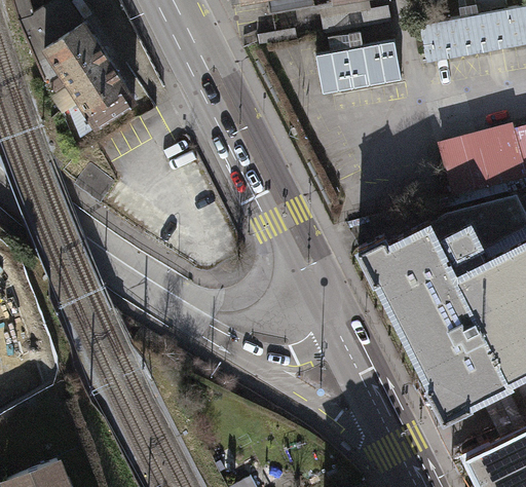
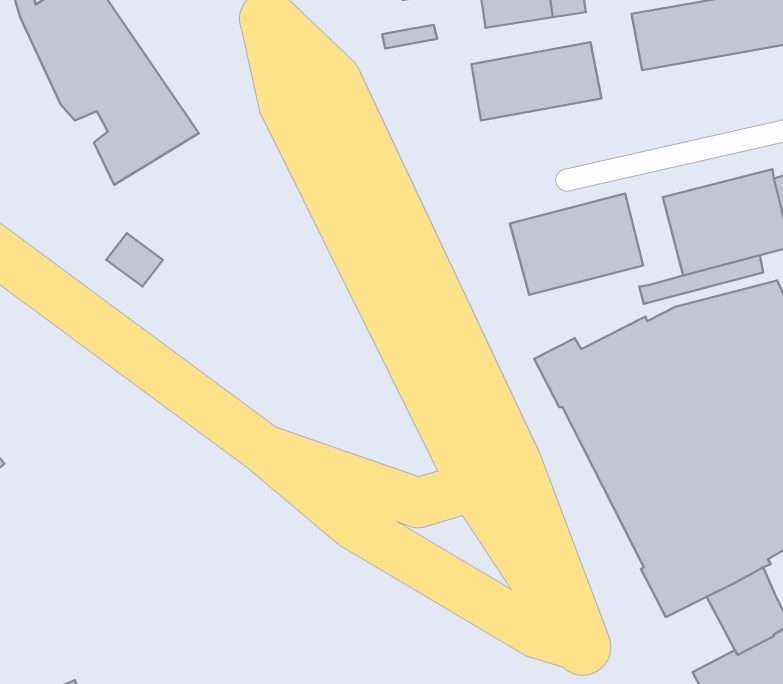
building: none -> [510,194,643,295]

